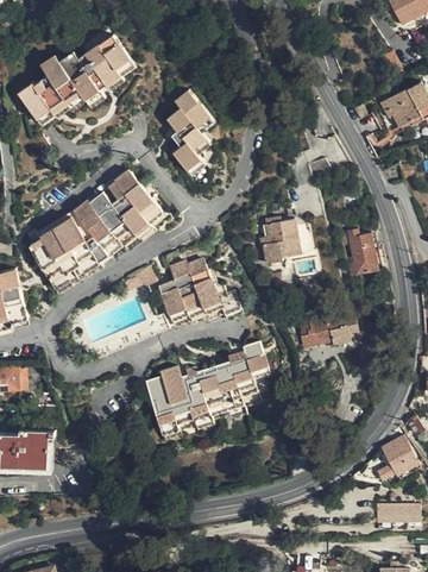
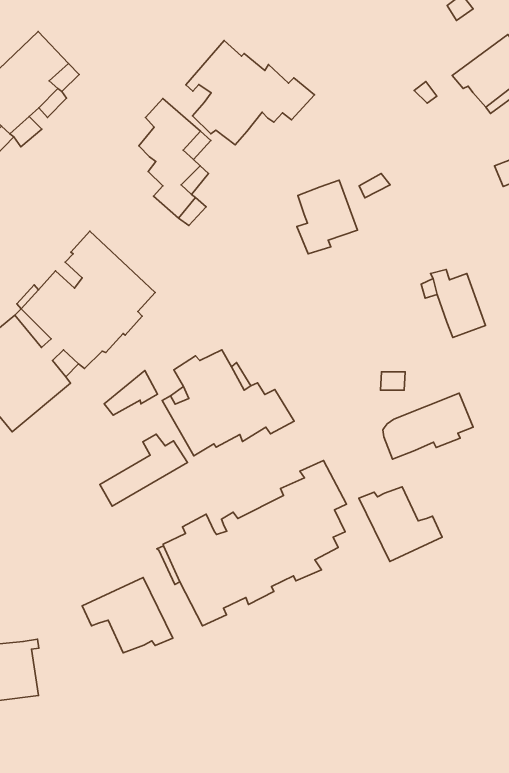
building: none -> [186,41,314,145]
building: [262,218,301,263] -> [297,180,357,254]
building: none -> [359,487,442,562]
building: none -> [82,577,173,653]

